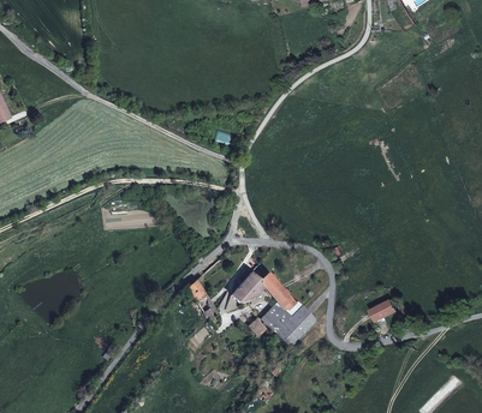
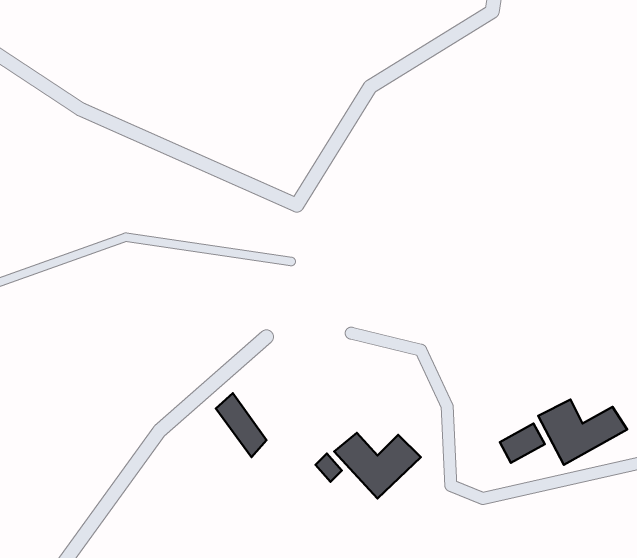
building: [231,264,296,313] -> none
building: none -> [538,399,627,465]

